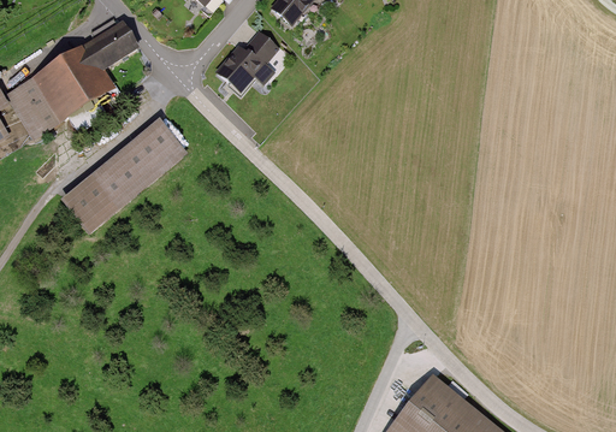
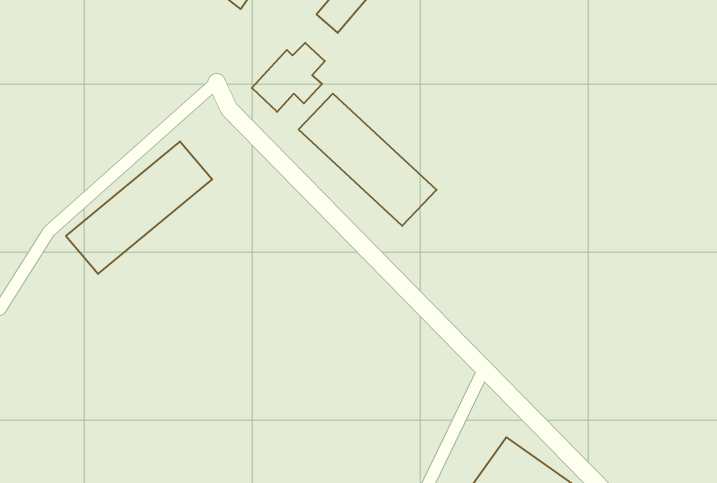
building: [11,25,138,137] -> none
building: none -> [299,94,437,226]

